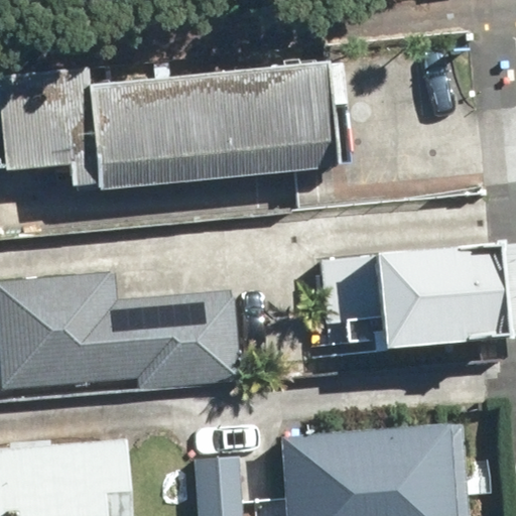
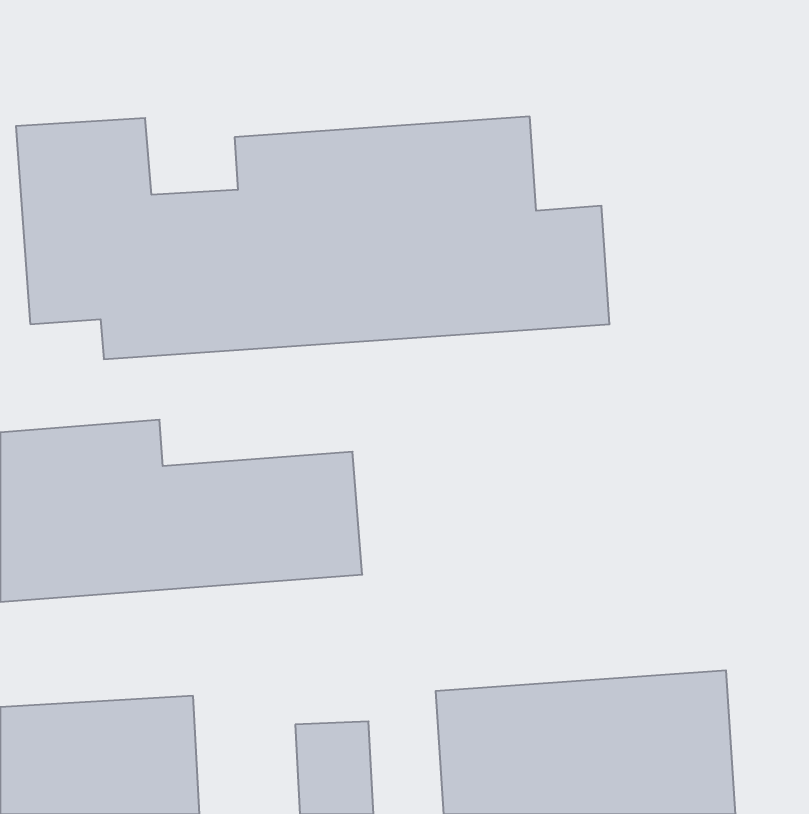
building: [315,248,492,351] -> none

